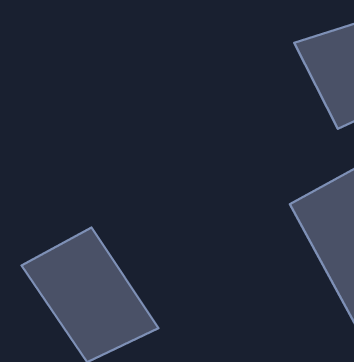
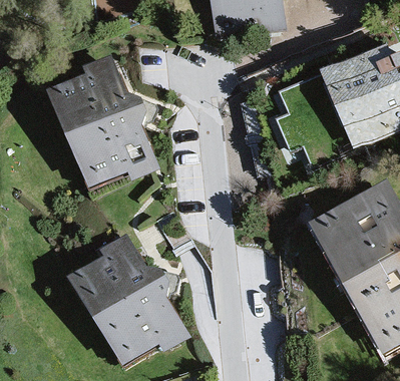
building: none -> [44,59,161,187]

